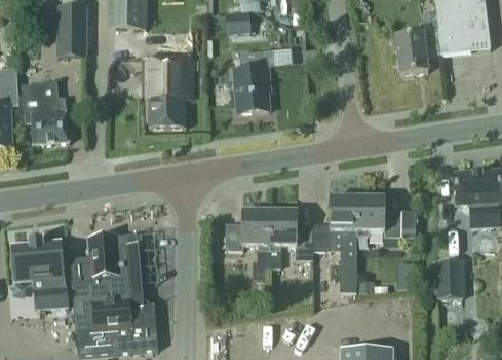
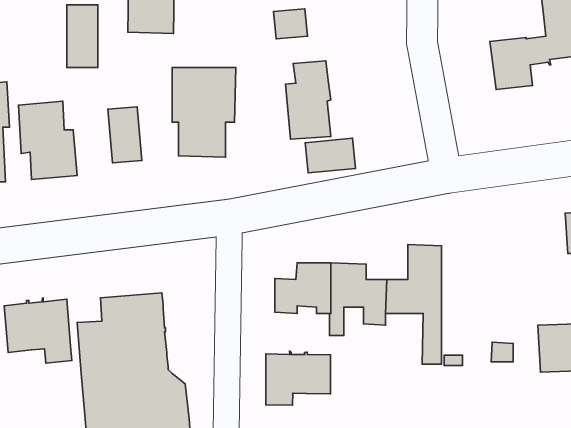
building: none -> [108,107,142,163]
building: none -> [305,138,355,173]
building: [356,196,400,236] -> none
building: none -> [266,351,330,405]
building: [34,287,68,309] -> none

